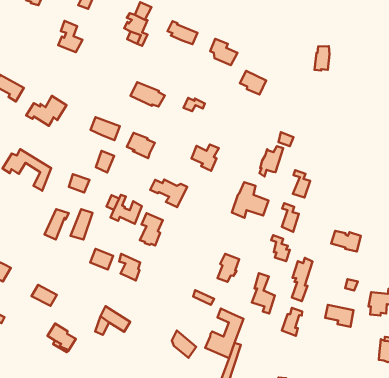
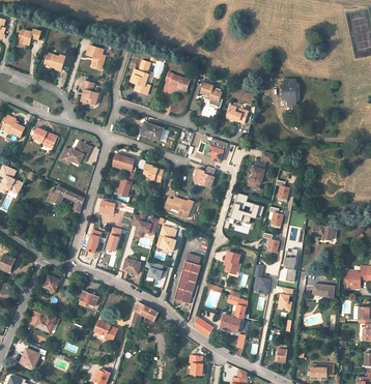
building: none -> [174,253,200,303]

